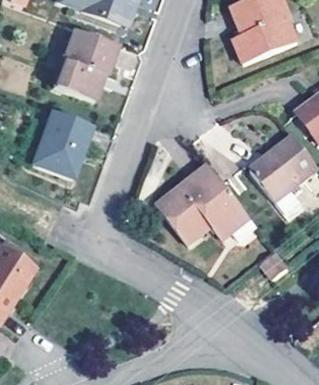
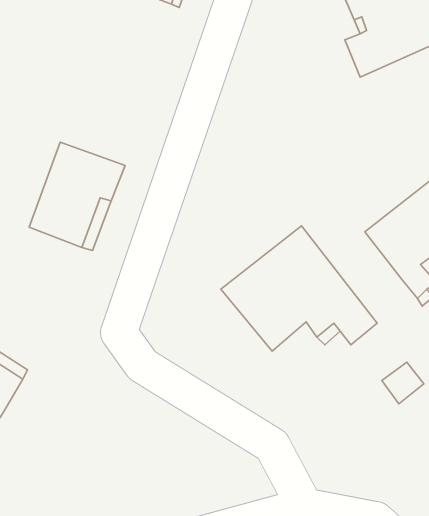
building: [52,29,119,101] -> none

